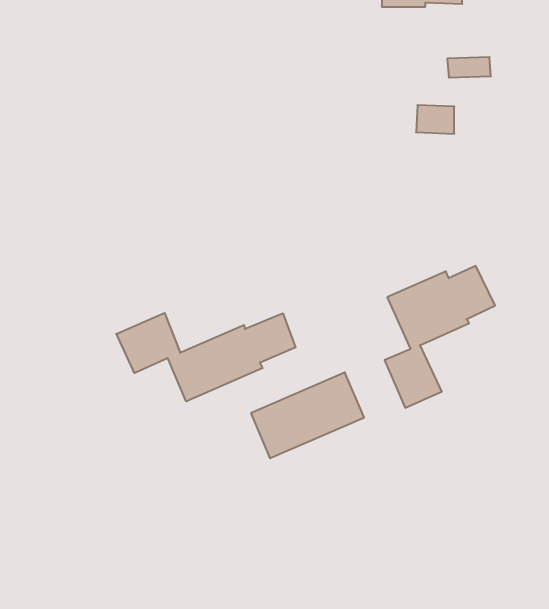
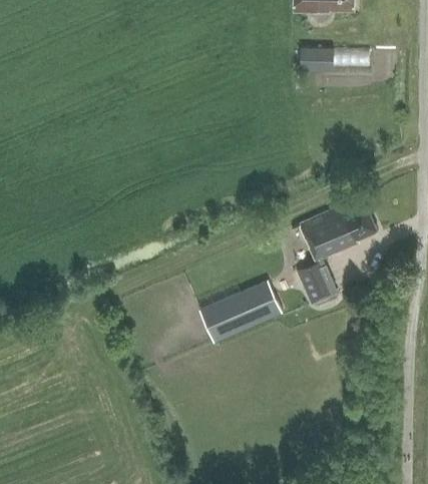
building: [416,105,454,134] -> [304,51,332,72]
building: [116,313,296,401] -> none

